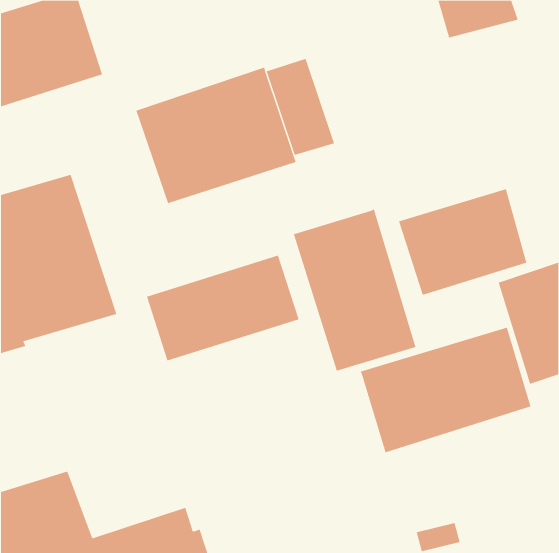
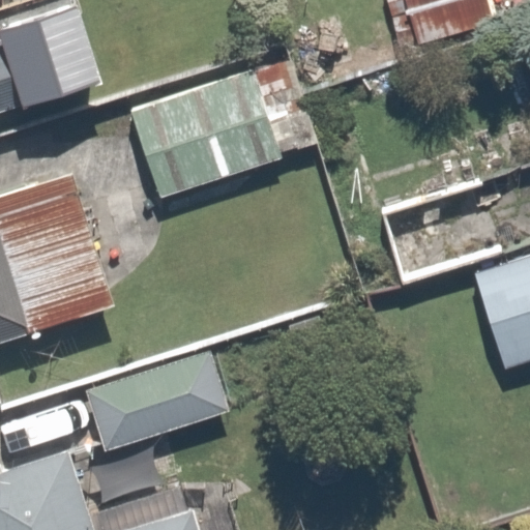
building: [293,209,416,371] -> none
building: [146,255,299,361] -> [83,350,228,450]
building: [360,327,531,453] -> none

